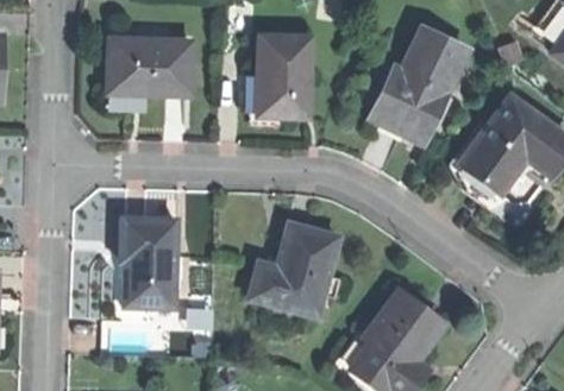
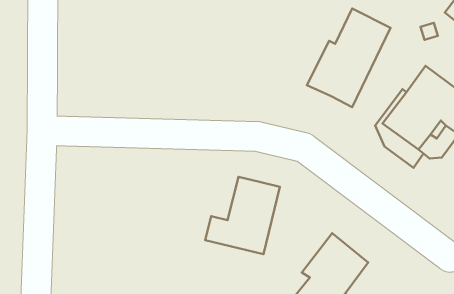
building: [258,33,311,114] -> none
building: [108,37,190,93] -> none
building: [119,216,175,307] -> none

